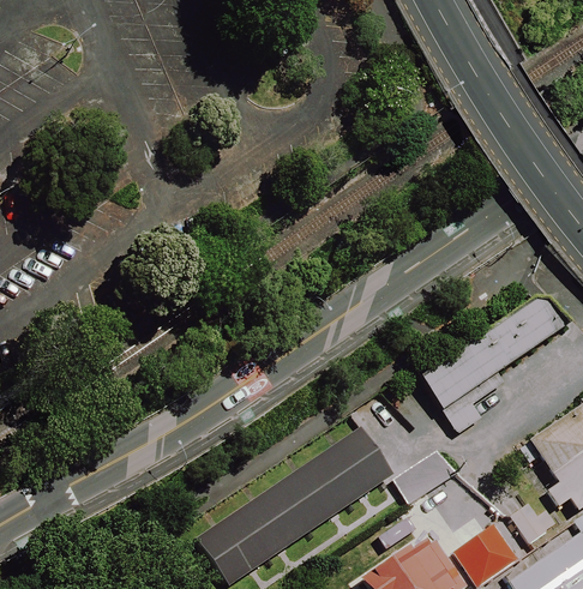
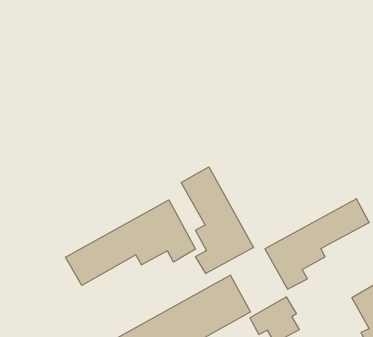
building: none -> [181,167,253,274]
building: none -> [66,200,195,285]

